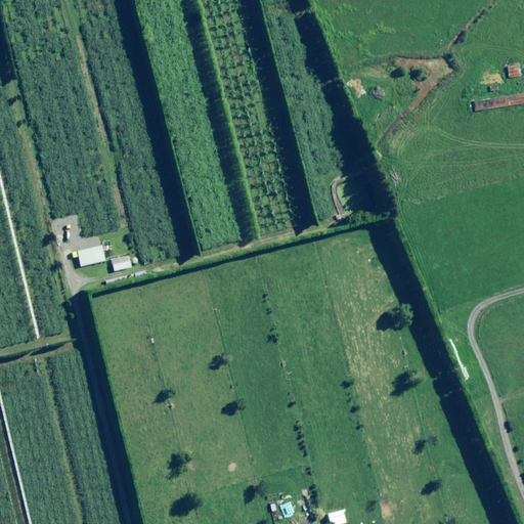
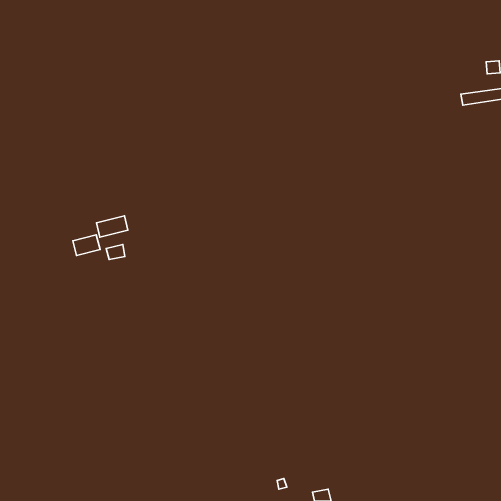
building: none -> [97,216,128,237]

